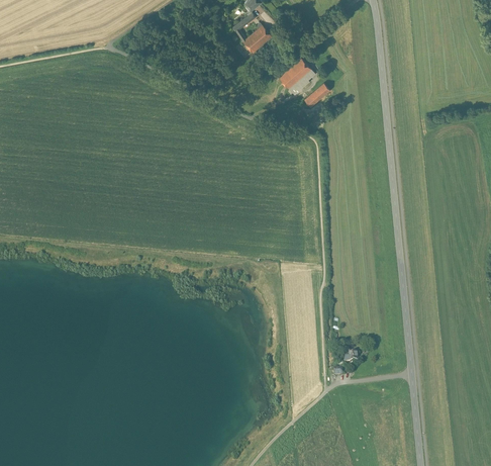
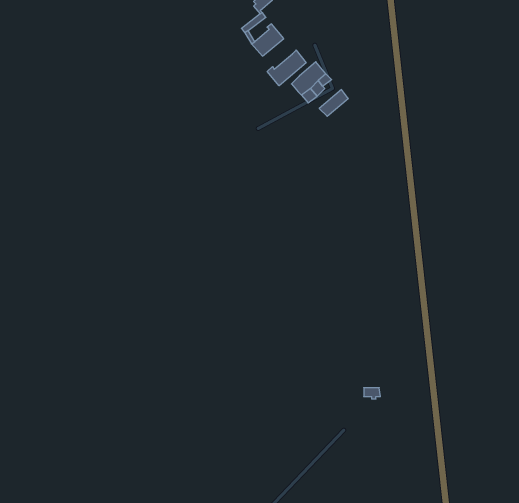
building: none -> [267,50,306,86]

